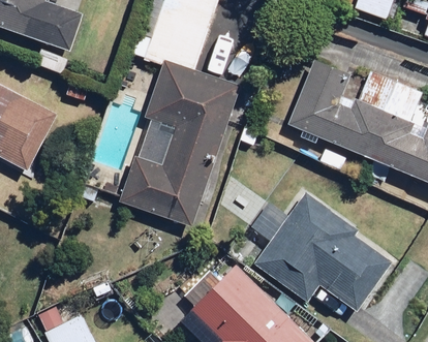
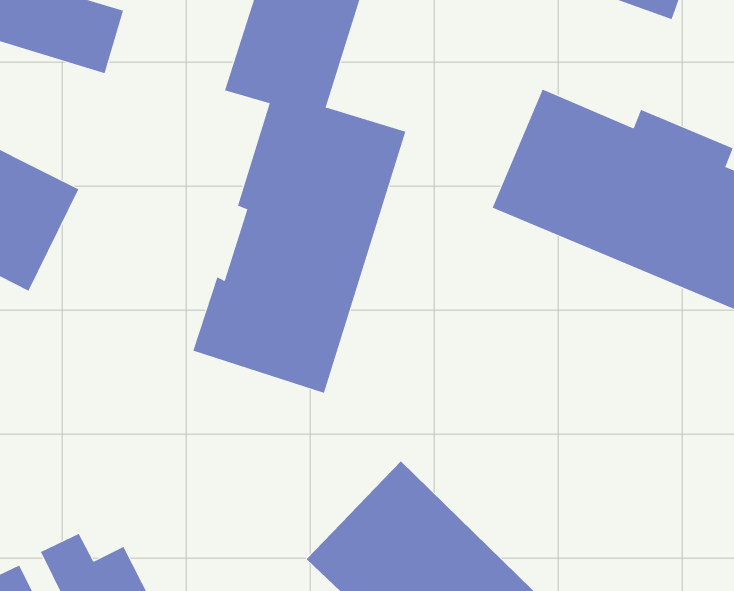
building: [253,191,395,313] -> none

